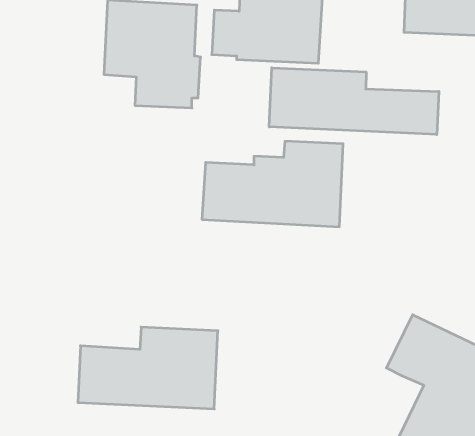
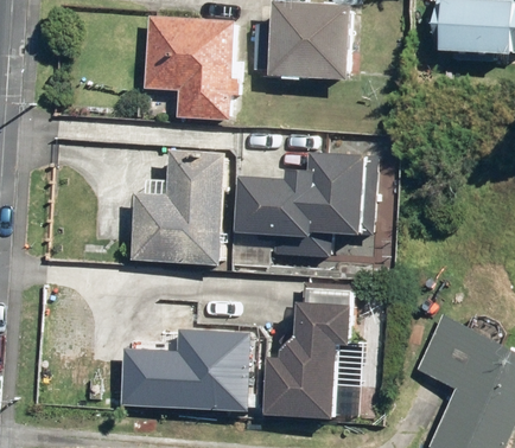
building: [269,68,439,135] -> none
building: none -> [132,149,224,264]
building: none -> [263,290,354,418]

